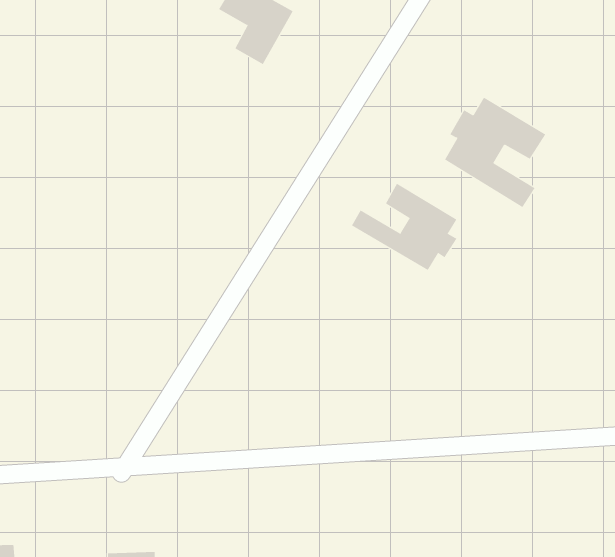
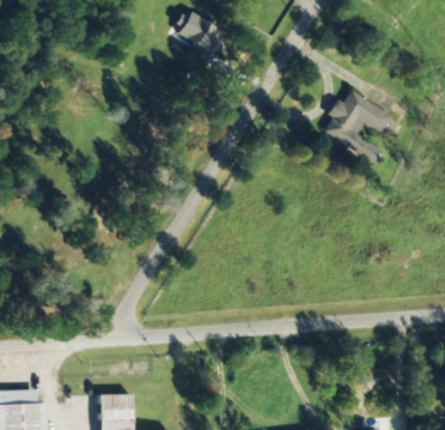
building: [351,183,457,271] -> none

